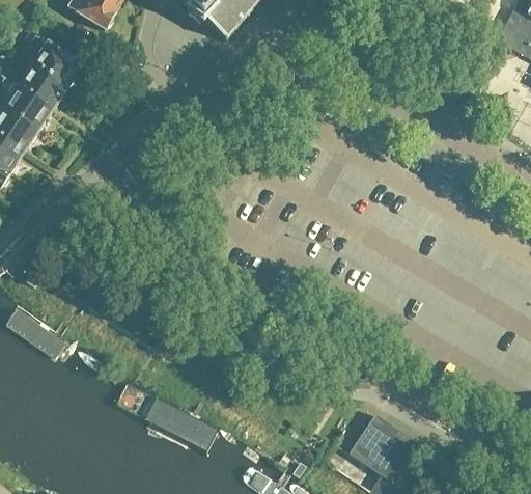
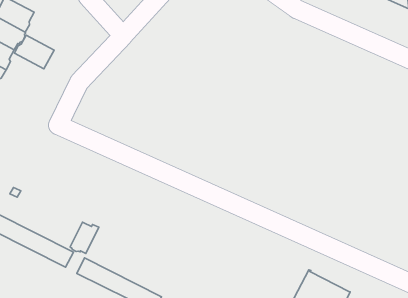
building: none -> [15,35,54,69]
building: none -> [70,222,99,253]

